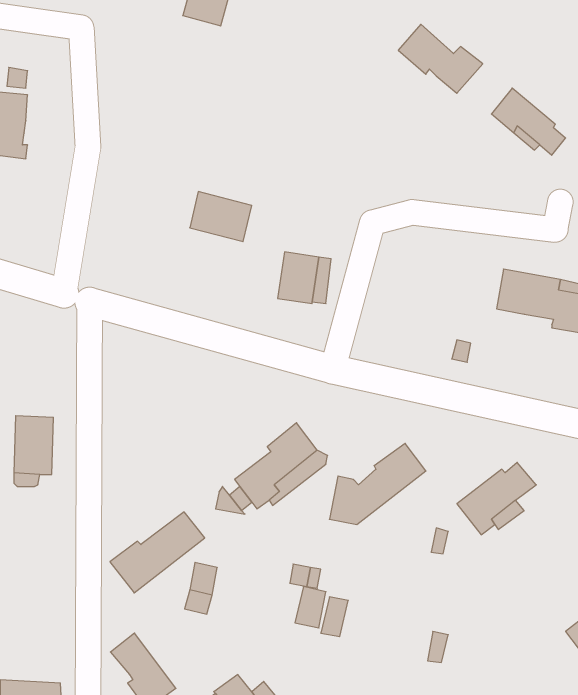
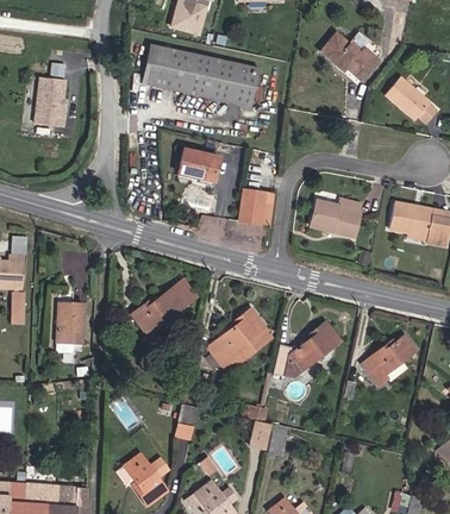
building: none -> [142,44,260,106]
building: none -> [311,199,362,237]
building: [110,512,205,593] -> [132,278,198,334]

